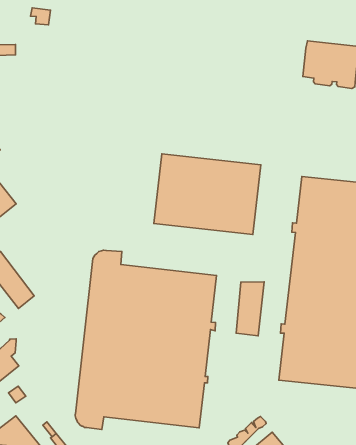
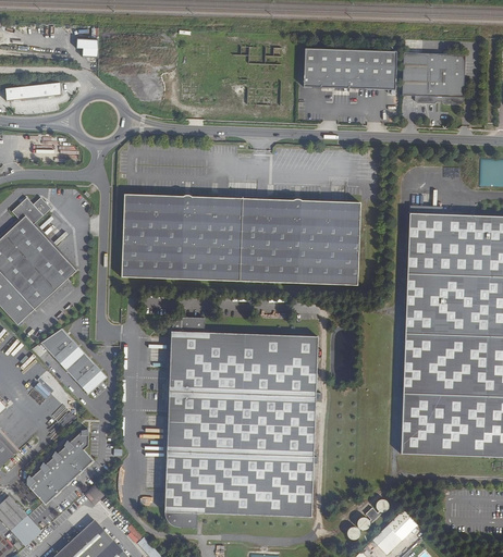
building: none -> [304,48,396,90]
building: none -> [121,194,243,281]
building: [236,282,264,336] -> none

